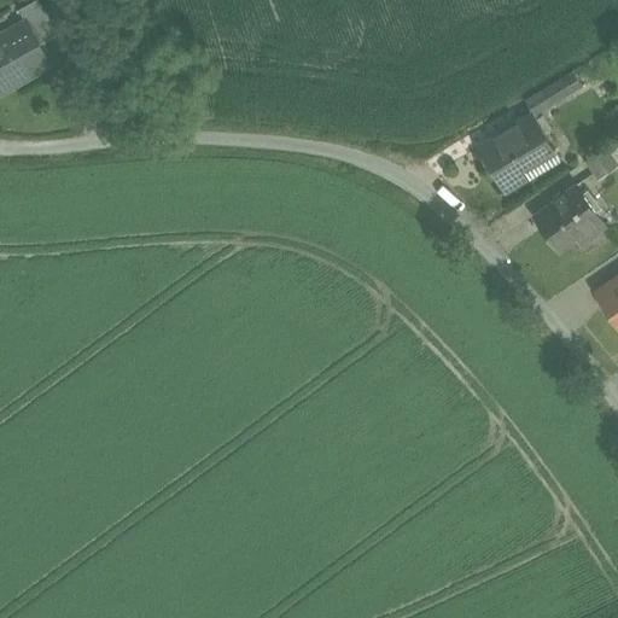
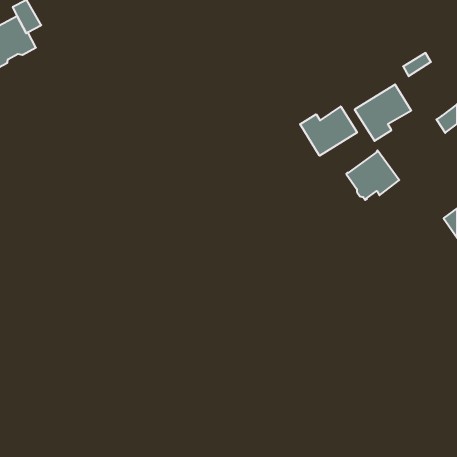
building: none -> [300,106,357,156]
building: [534,187,605,253] -> [346,150,399,200]

